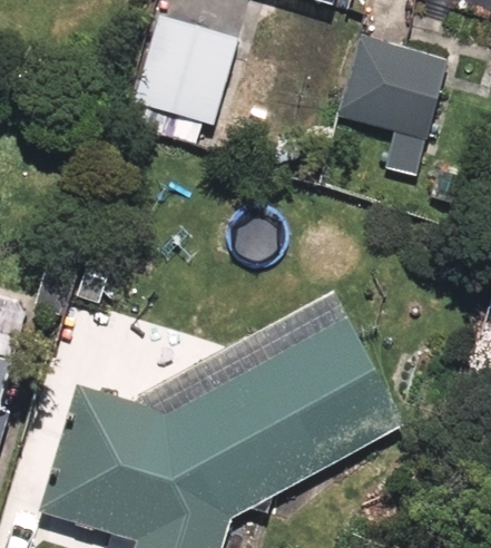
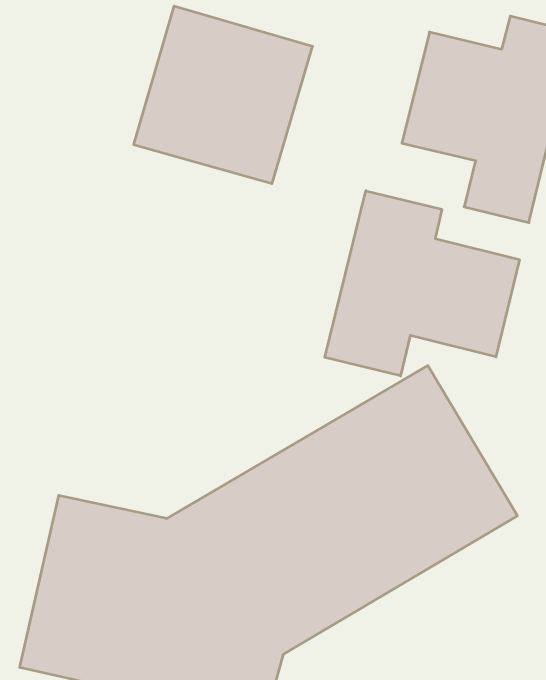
building: none -> [325,191,519,376]

